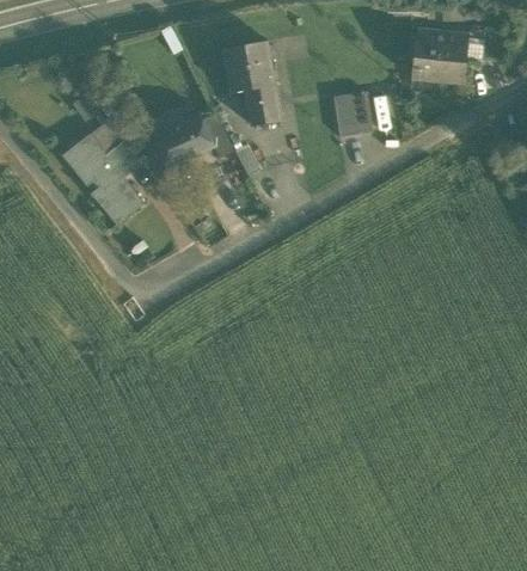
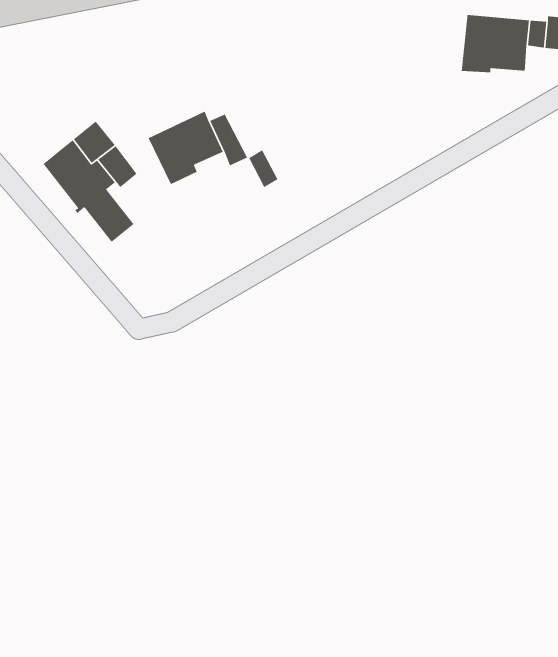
building: [222,41,280,125] -> none
building: [333,92,372,137] -> none

